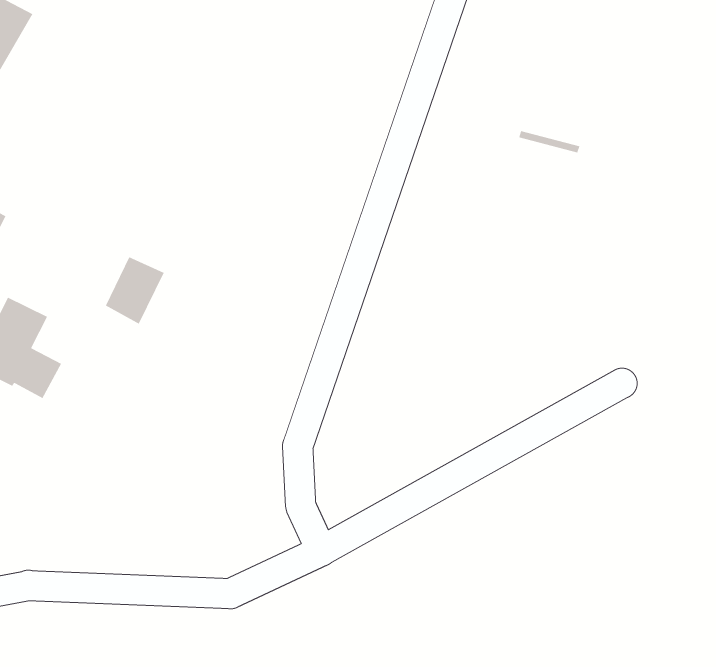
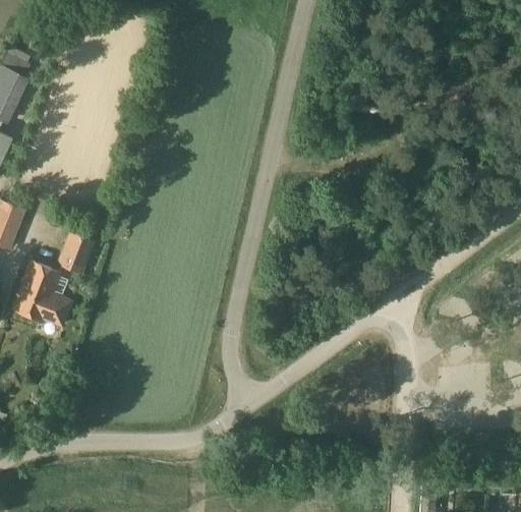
building: [105,256,165,325] -> [57,231,94,275]

